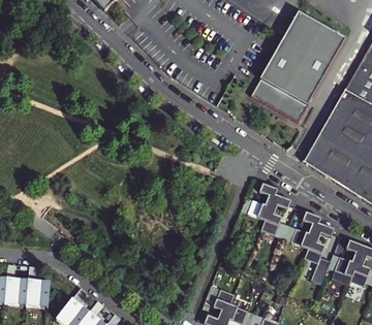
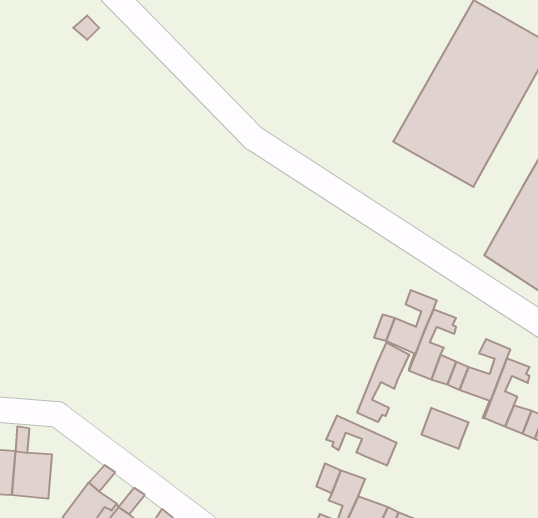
building: none -> [357,342,409,422]
building: none -> [422,408,468,449]
building: none -> [326,415,397,466]

